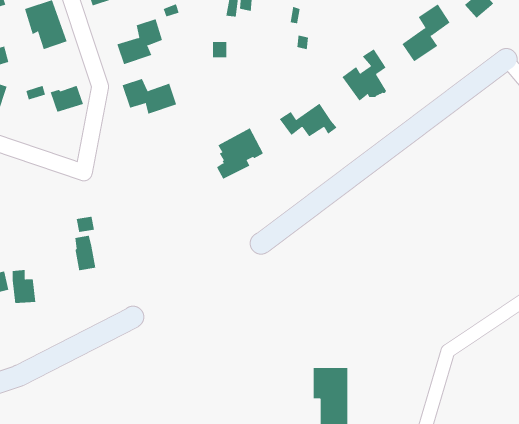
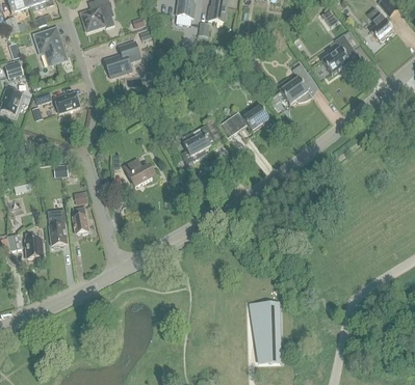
building: [122,78,177,115] -> none
building: none -> [123,158,154,186]
building: none -> [47,209,67,245]

